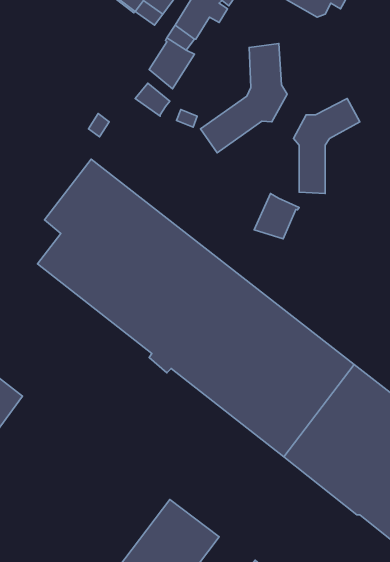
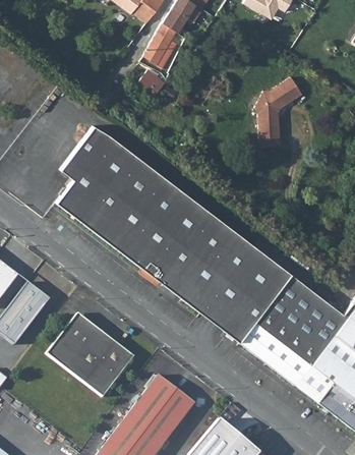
building: [201,44,287,153] -> none
building: [254,194,299,239] -> none
building: none -> [46,311,134,395]

